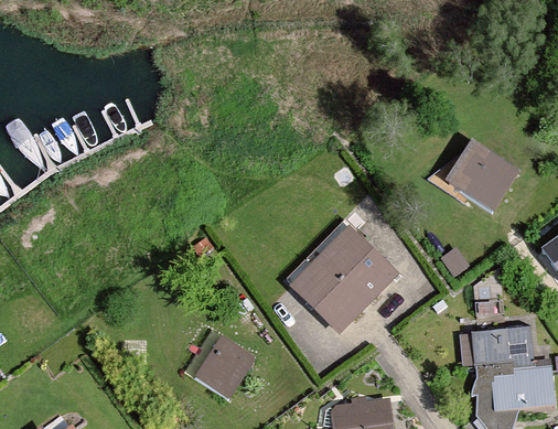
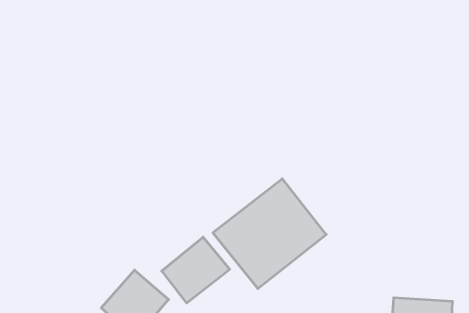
building: [439,141,519,215] -> none
building: none -> [162,237,230,303]

